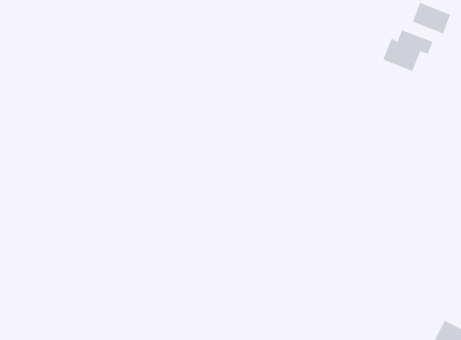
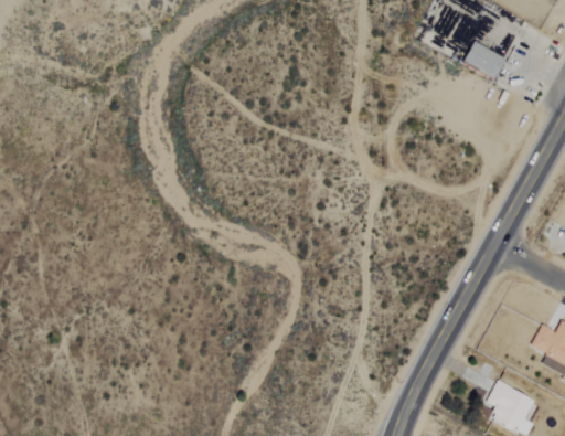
building: [383,30,433,72] -> none

